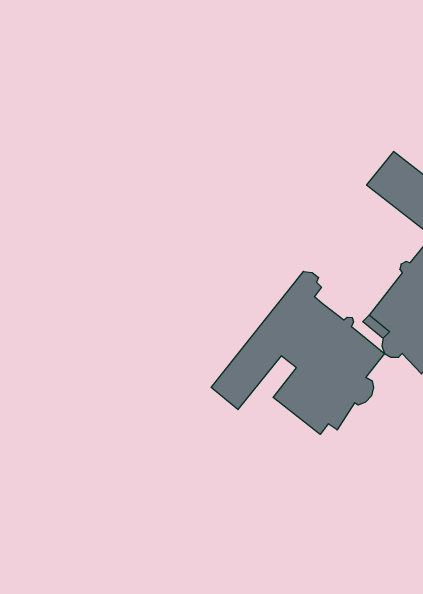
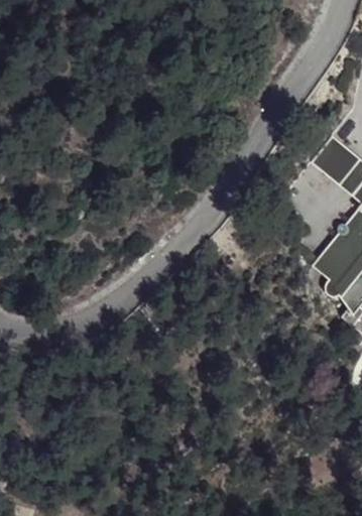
building: [211,271,384,434] -> none

